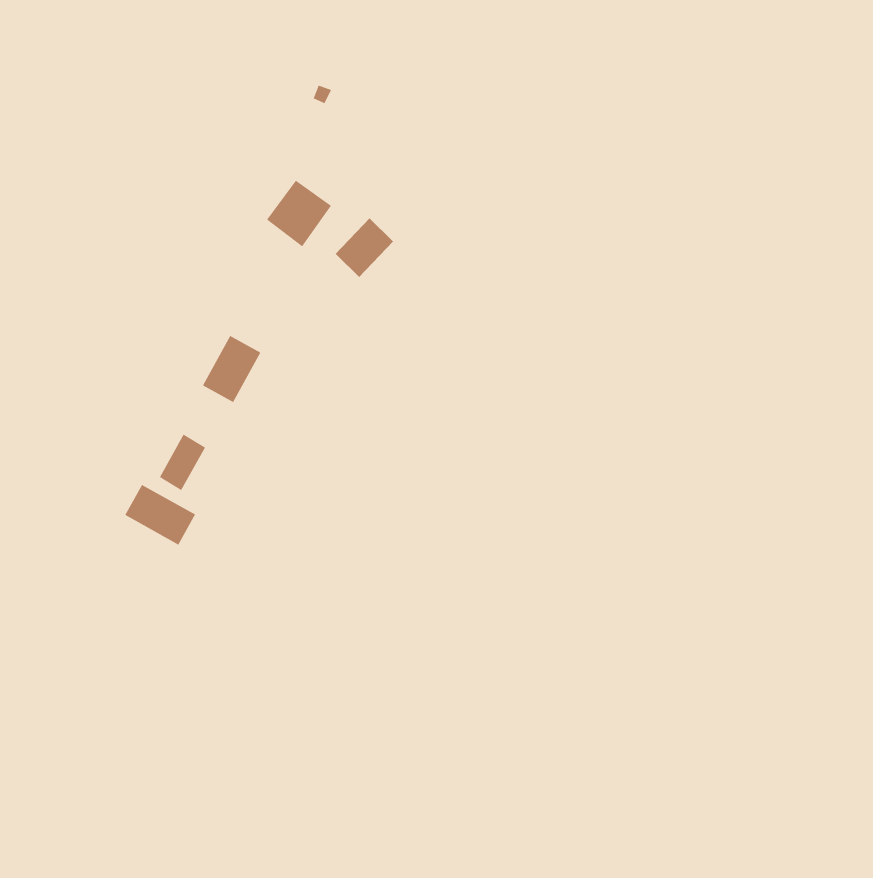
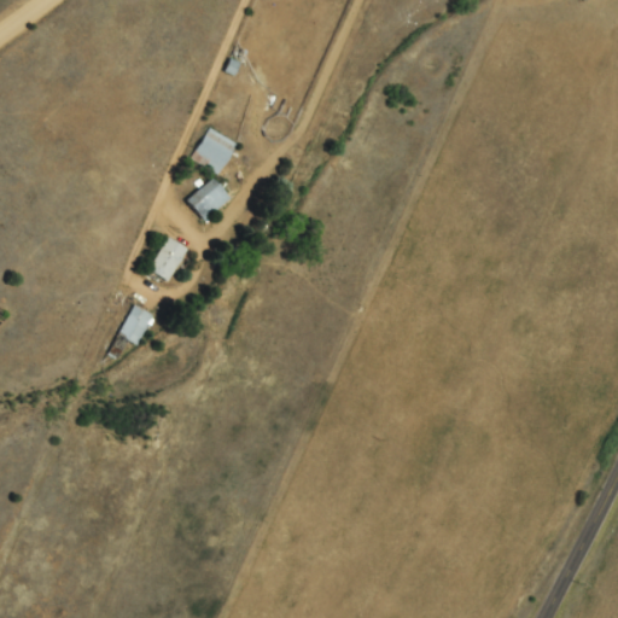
building: [335,217,394,278] -> [187,177,228,220]
building: [125,484,196,545] -> none

